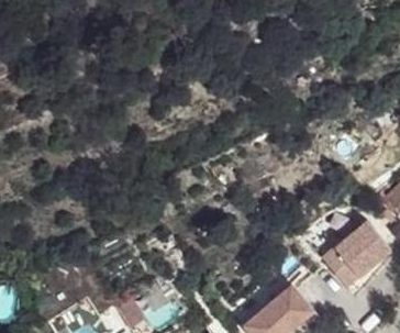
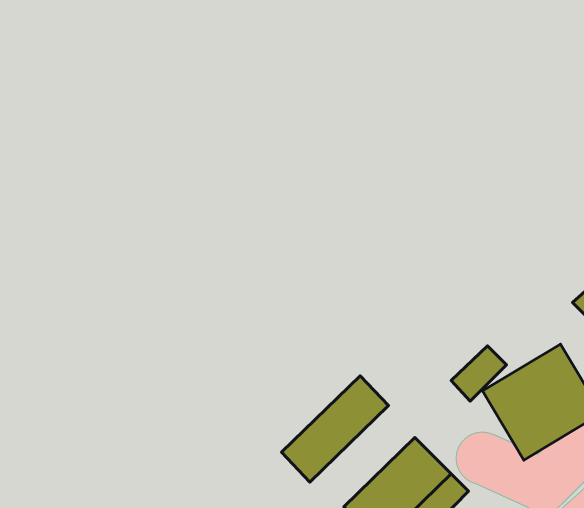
building: none -> [282,376,388,482]

